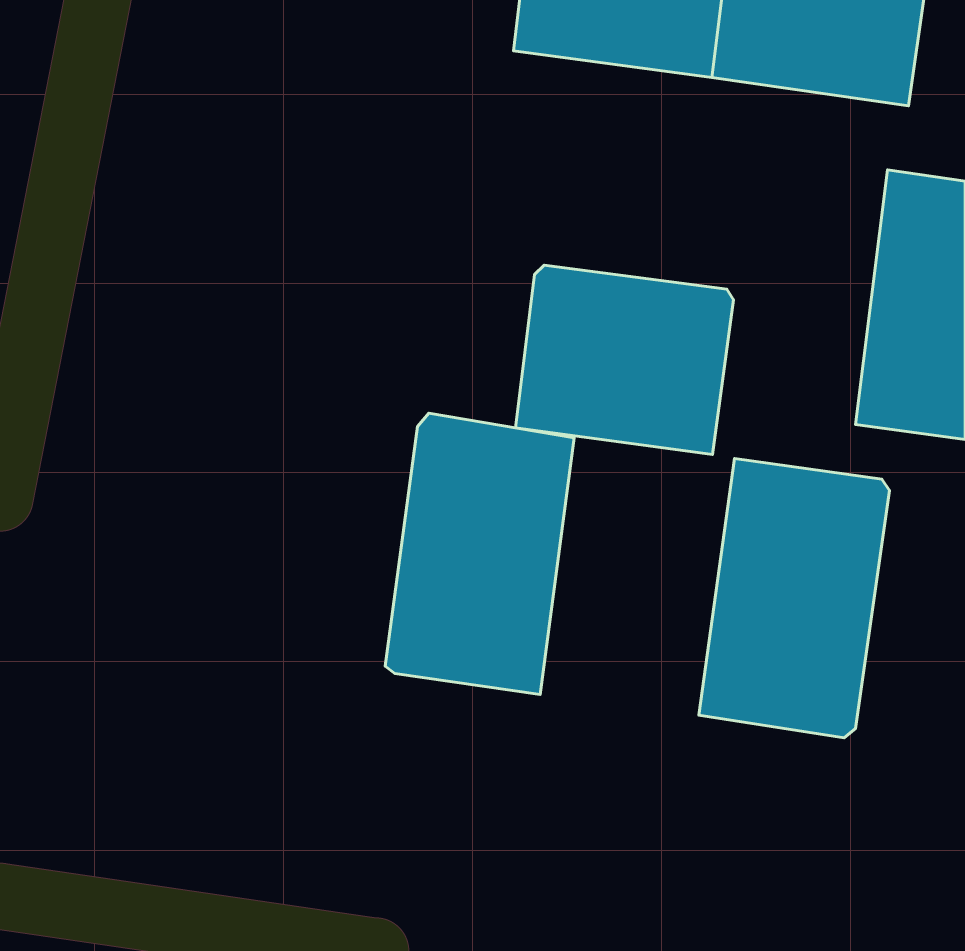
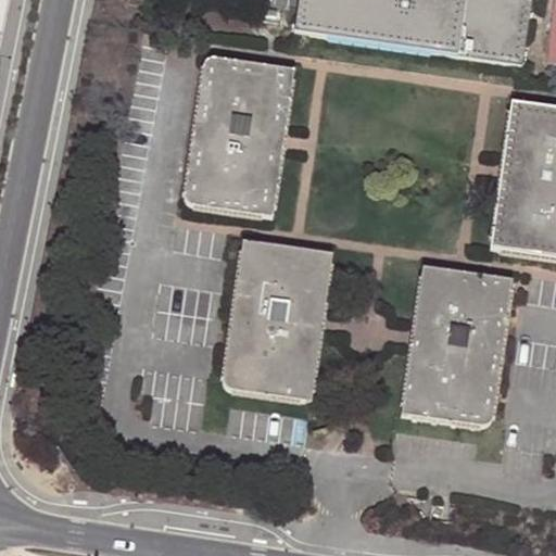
building: none -> [186,59,295,215]
building: [516,265,733,455] -> none

